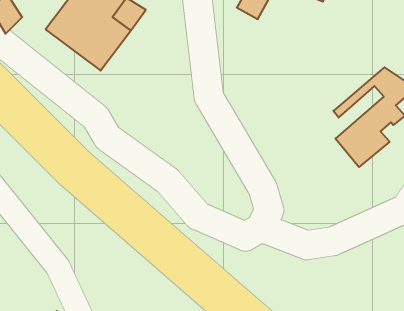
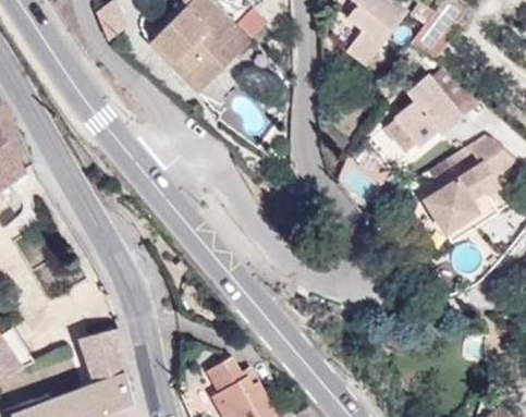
building: none -> [382,65,480,154]

